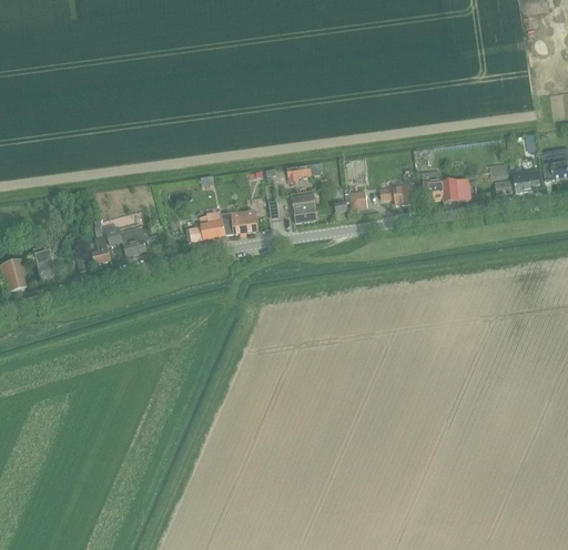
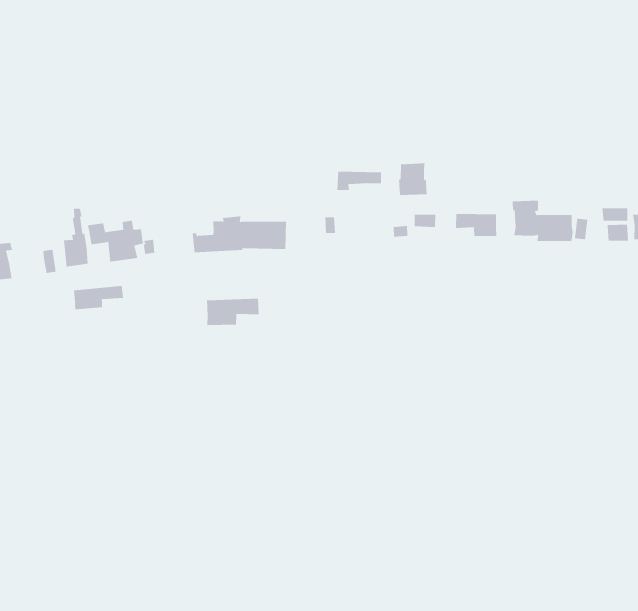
building: [294,195,317,222] -> [398,163,428,195]
building: none -> [207,298,259,326]
building: none -> [73,285,124,310]

